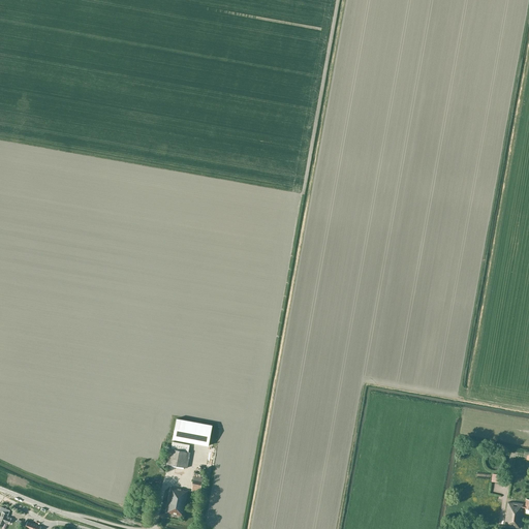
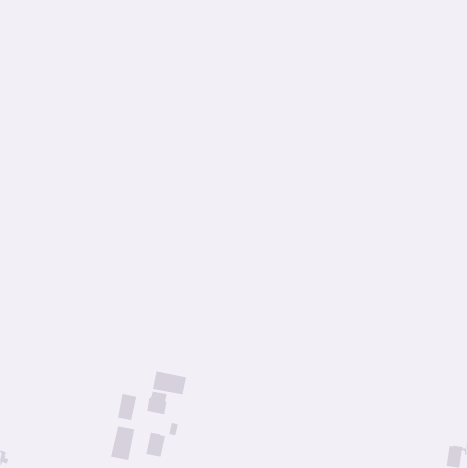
building: none -> [117,393,137,421]
building: none -> [111,425,135,461]

